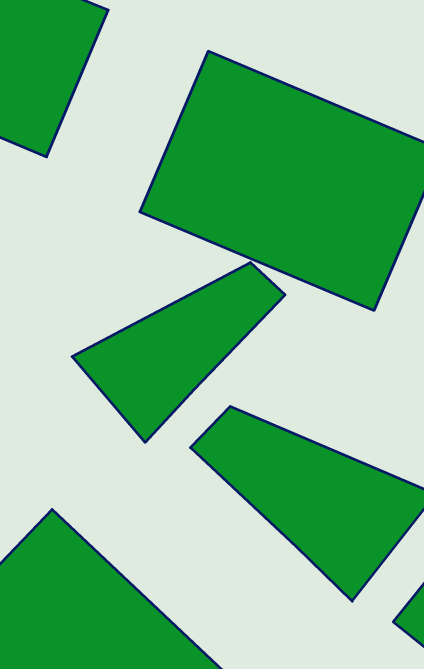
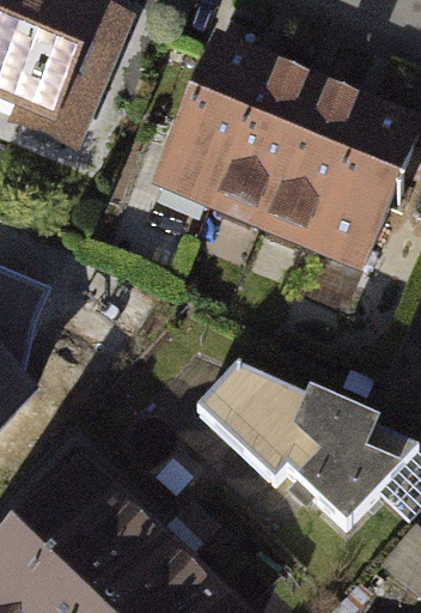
building: [72,262,285,442] -> none

